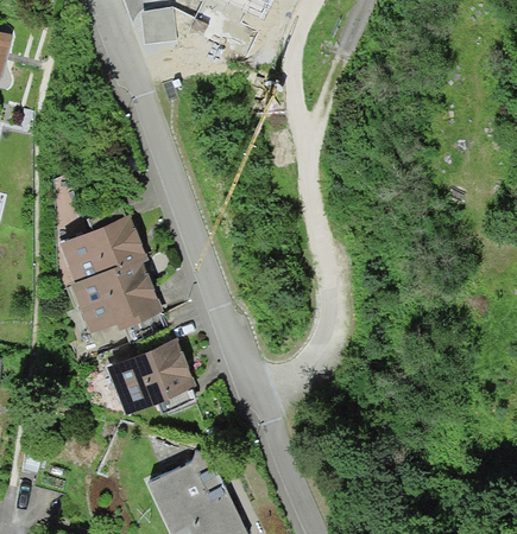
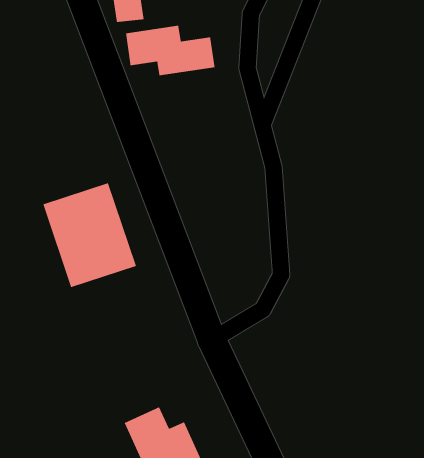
building: none -> [125,25,215,76]
building: [108,339,198,418] -> none

